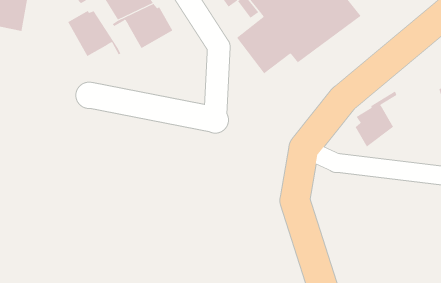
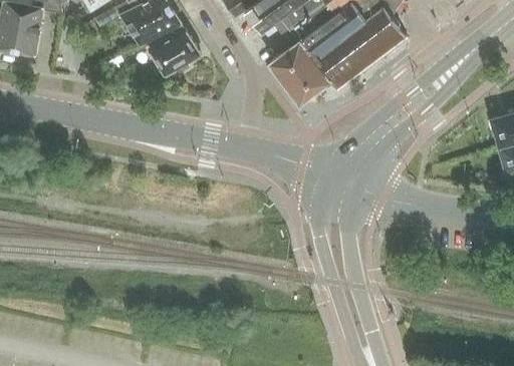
building: [67,10,121,57] -> none
building: [355,90,397,147] -> none

